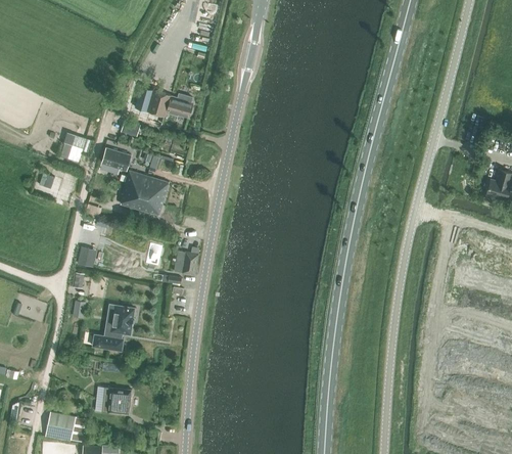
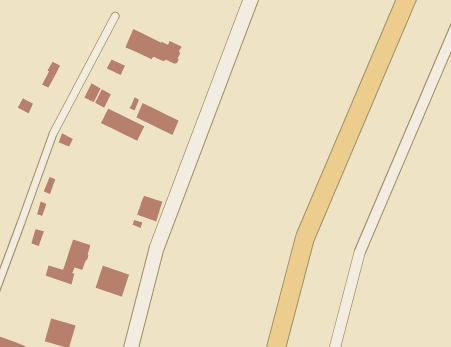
building: [120,186,164,215] -> [136,102,180,136]
building: none -> [95,265,130,298]

